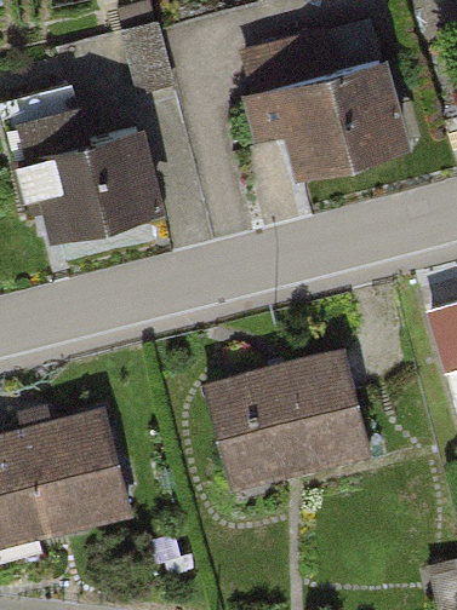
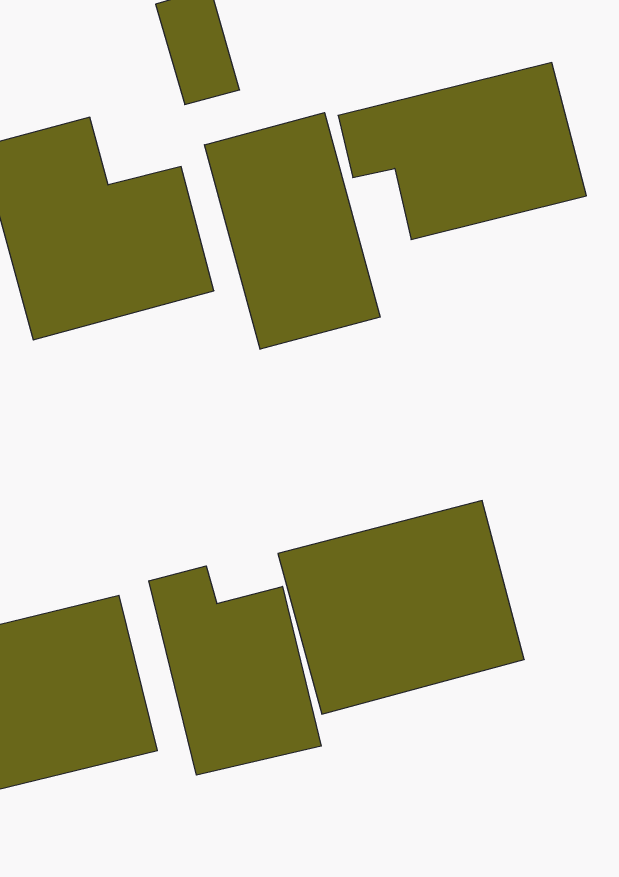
building: none -> [204,113,380,349]
building: none -> [149,566,321,775]

